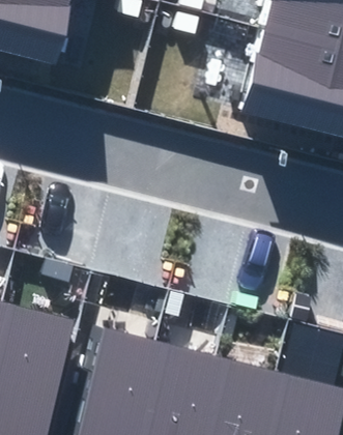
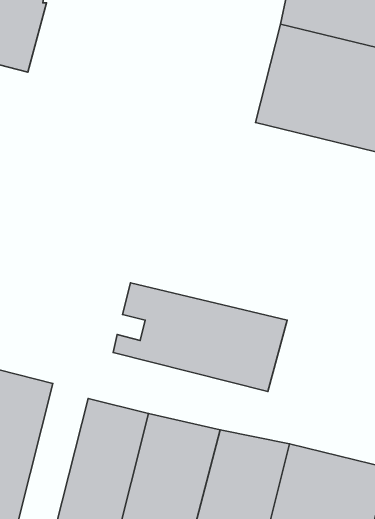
building: none -> [113,283,287,391]

